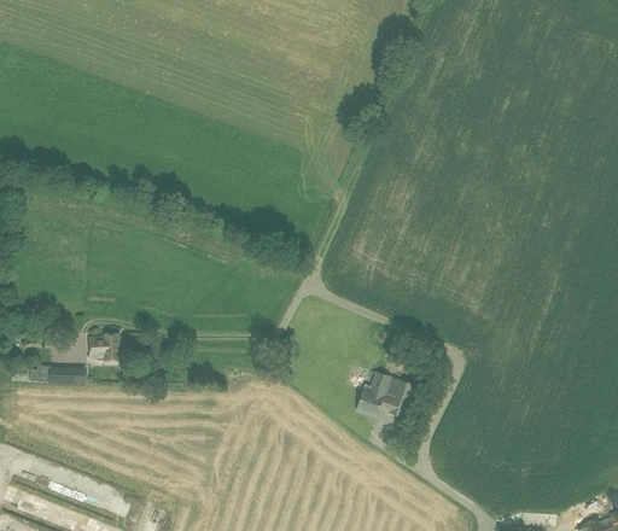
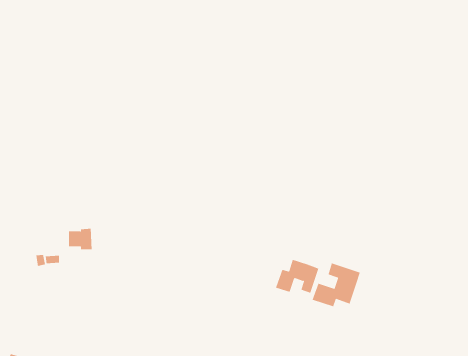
building: none -> [312,263,360,307]

